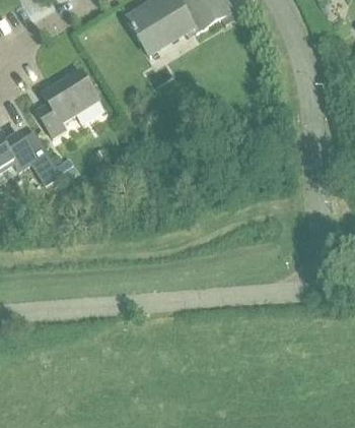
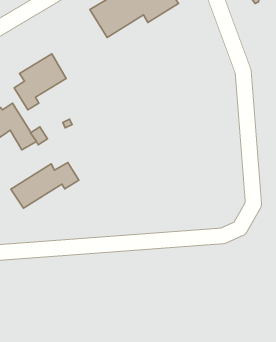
building: none -> [11,162,79,208]

